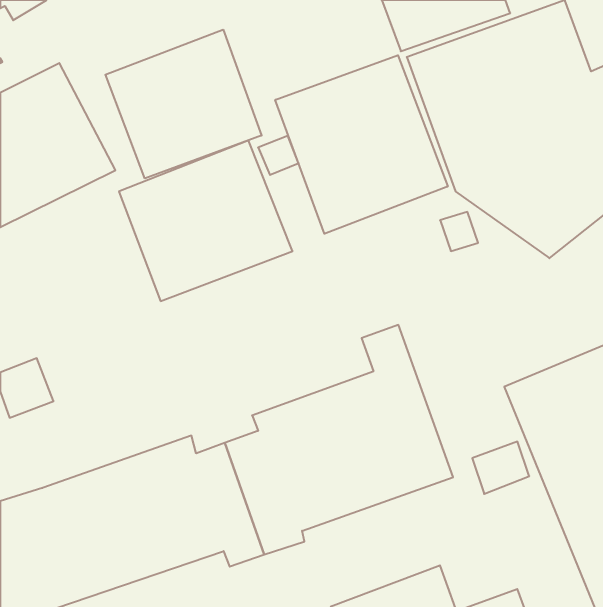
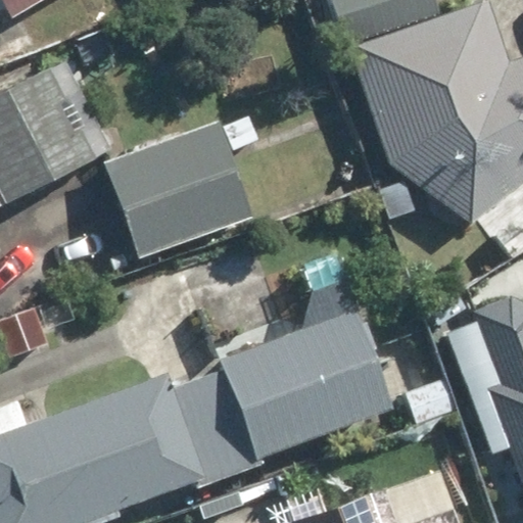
building: [105,30,262,178] -> none
building: [275,55,448,234] -> none

